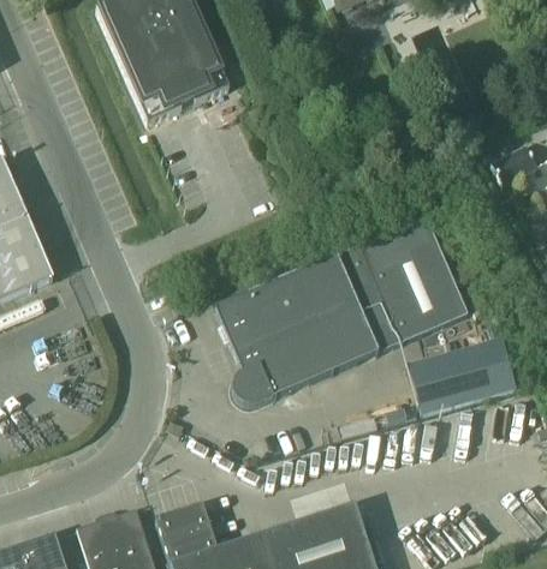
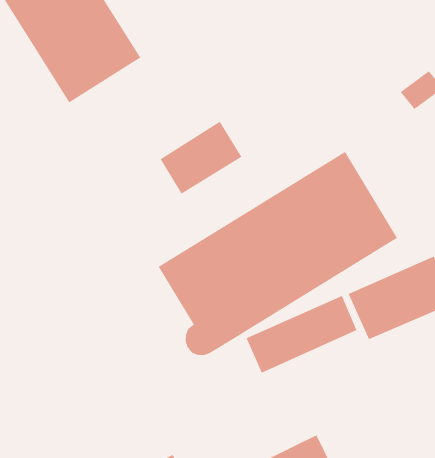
building: none -> [160,121,242,194]
building: none -> [246,295,357,373]

